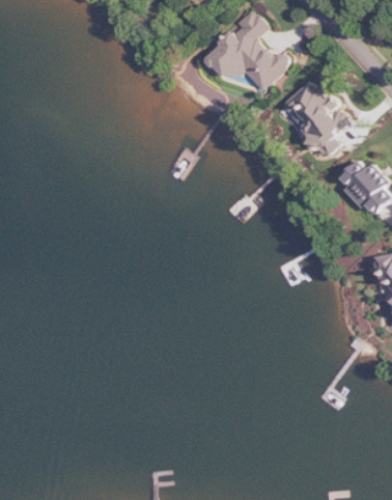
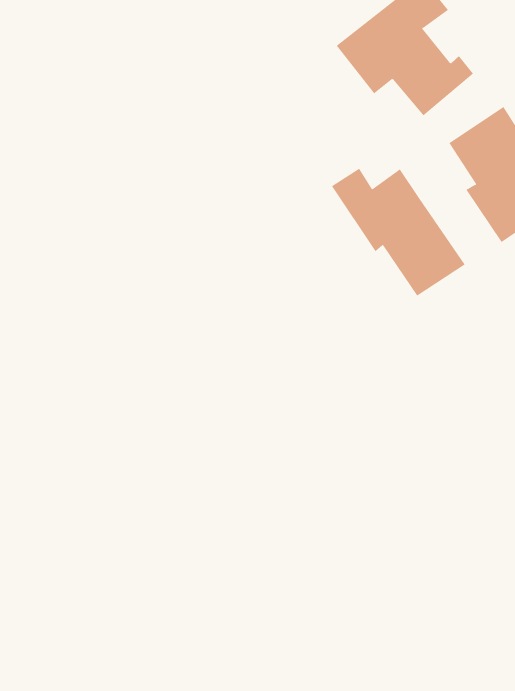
building: none -> [331,168,465,297]

